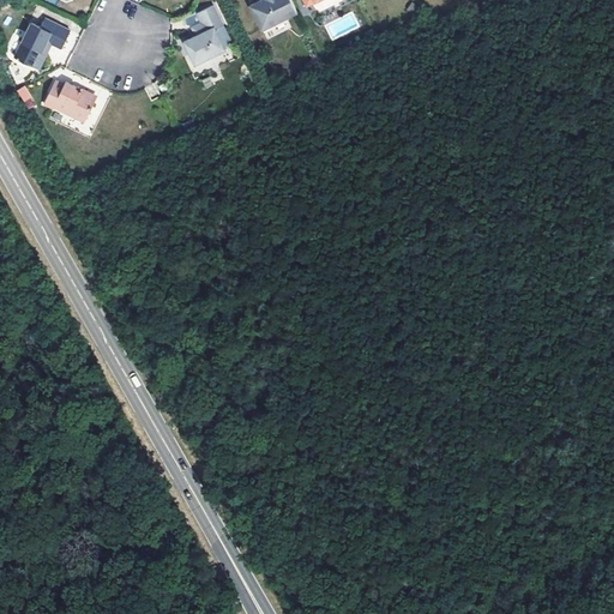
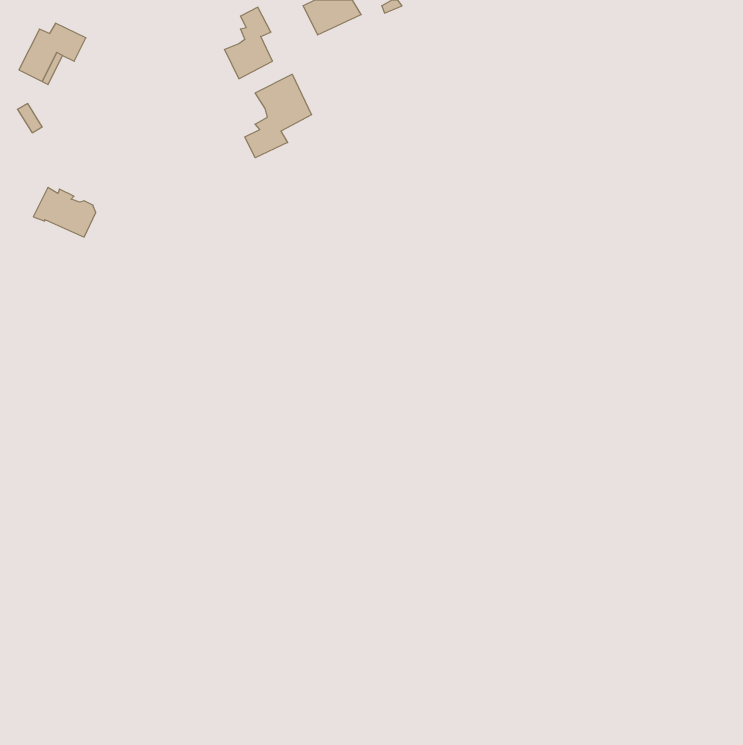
building: none -> [245,74,312,158]
building: [42,79,94,120] -> [33,188,96,237]

